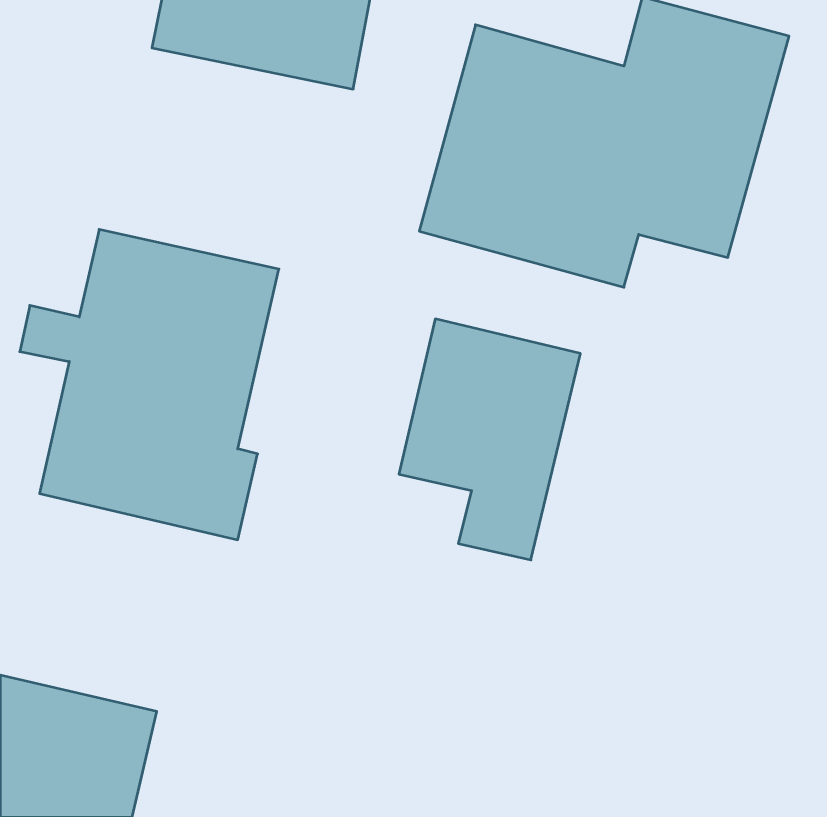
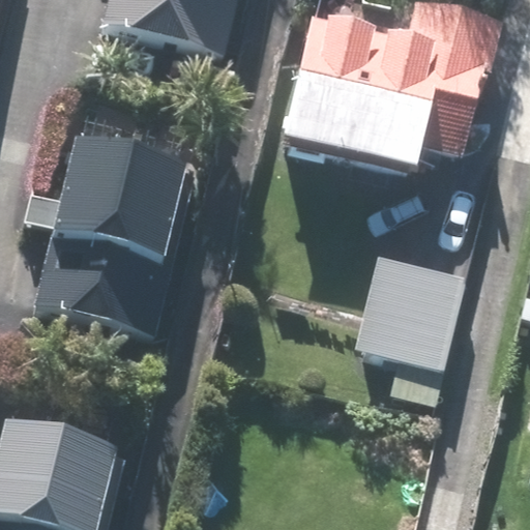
building: [399,319,580,560] -> [355,253,469,404]

